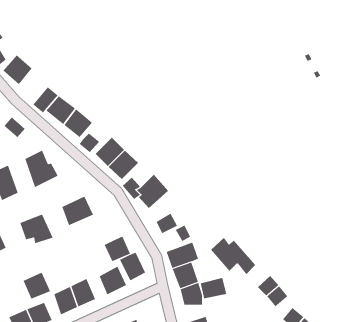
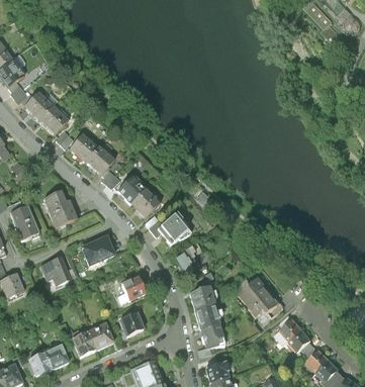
building: none -> [38,107,68,137]
building: [119,252,146,281] -> none
building: [23,272,50,299] -> none
building: [200,277,227,299] -> none

